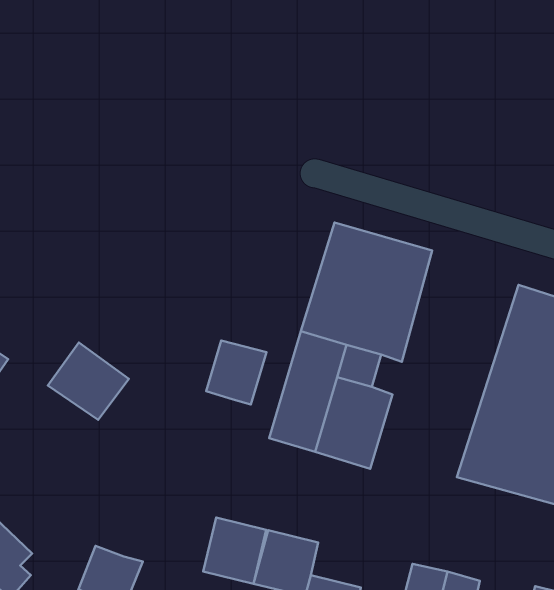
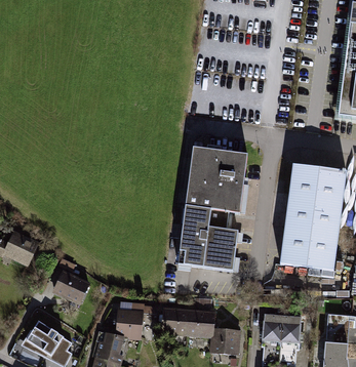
building: [206,340,266,405] -> none
building: [48,343,129,420] -> [50,268,91,305]
building: none -> [116,303,156,336]

